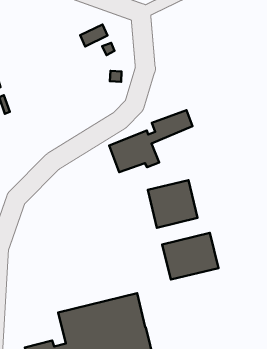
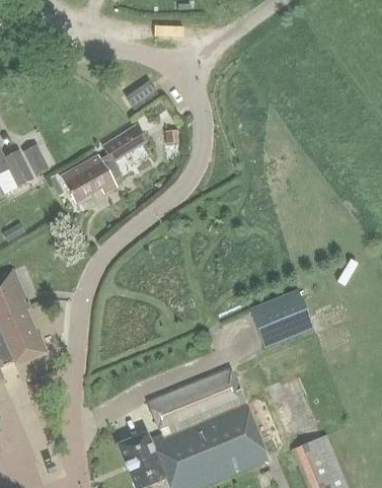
building: [109,110,193,172] -> [59,126,146,204]
building: [148,180,198,228] -> none

